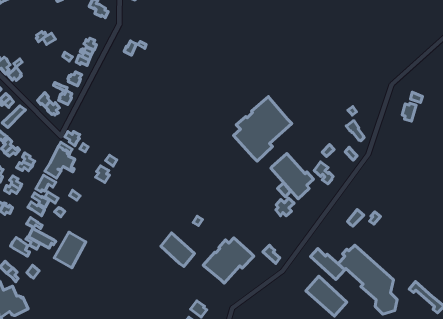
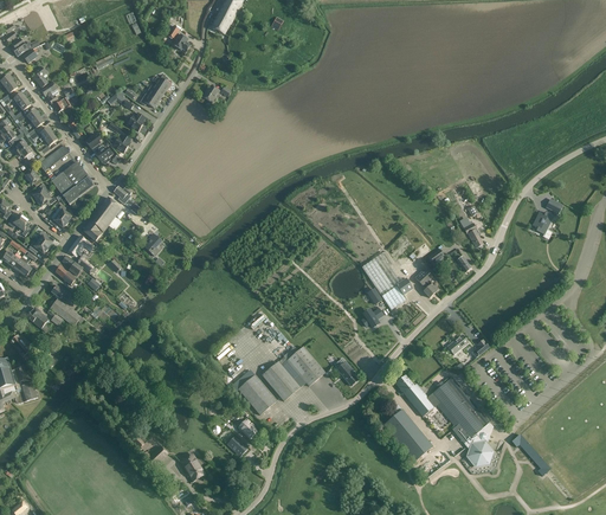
building: [234,97,292,161] -> none
building: none -> [50,161,92,204]
building: [54,232,86,268] -> none
building: [161,233,194,267] -> [234,371,275,414]

